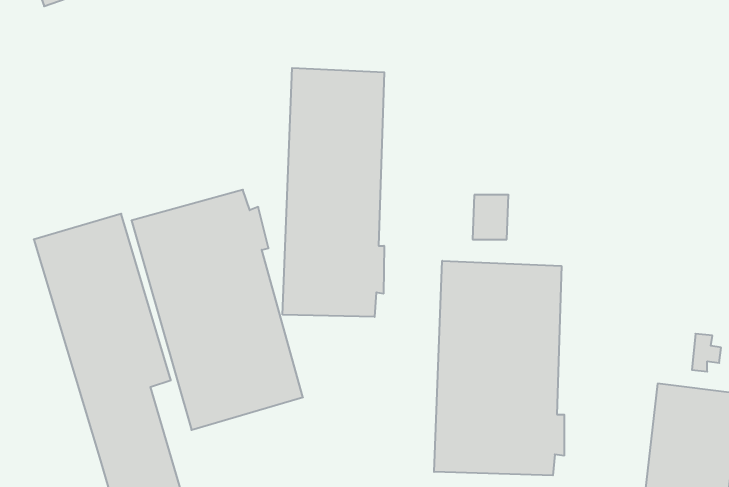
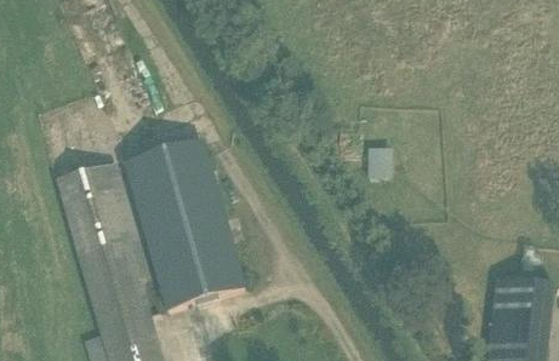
building: [283,68,384,317] -> none
building: [434,261,564,475] -> none

